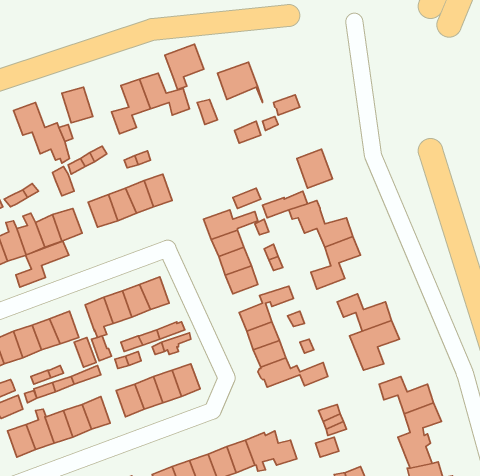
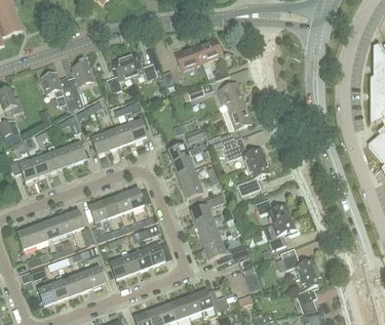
building: [165,44,204,89] -> [196,38,222,68]
building: none -> [220,82,244,109]
building: [16,241,69,287] -> none

